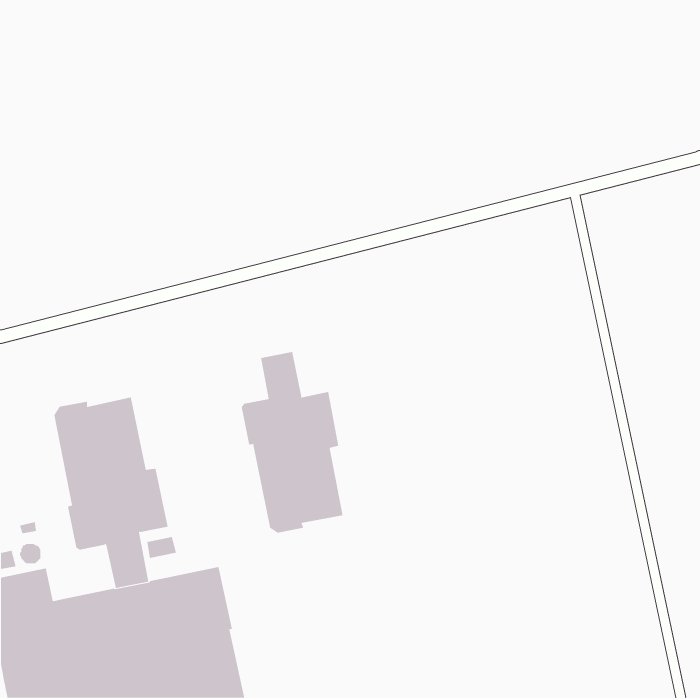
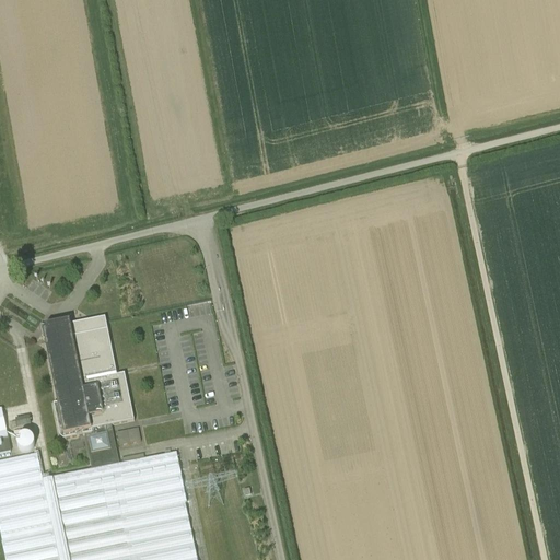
building: [241,351,343,534] -> none

